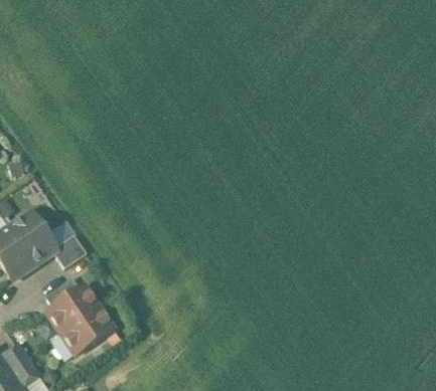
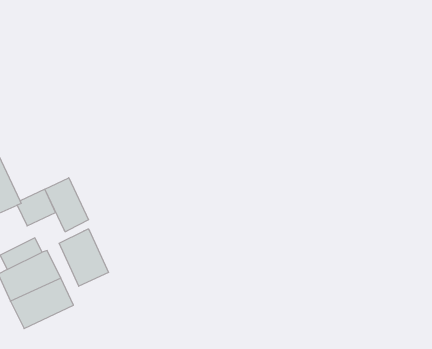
building: none -> [45,178,88,232]
building: none -> [59,229,109,286]

